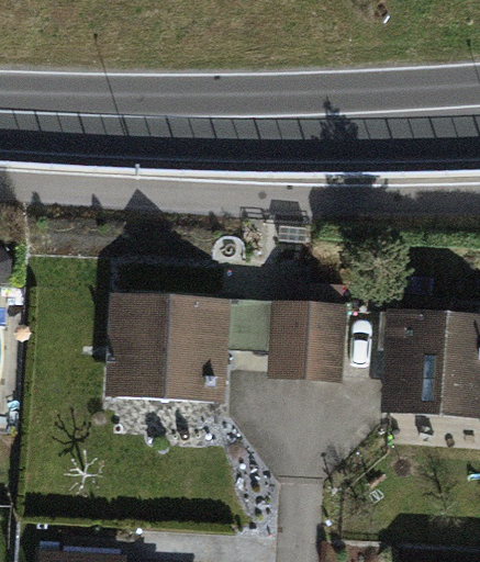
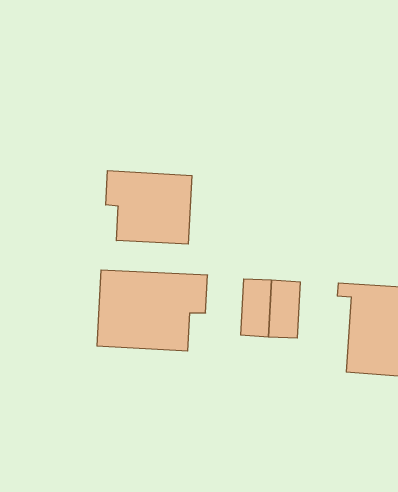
building: none -> [106,171,192,244]

